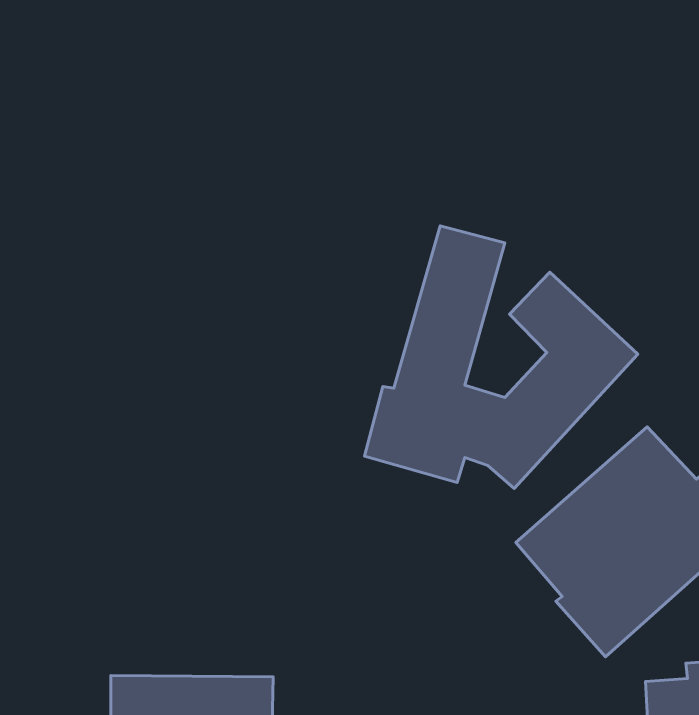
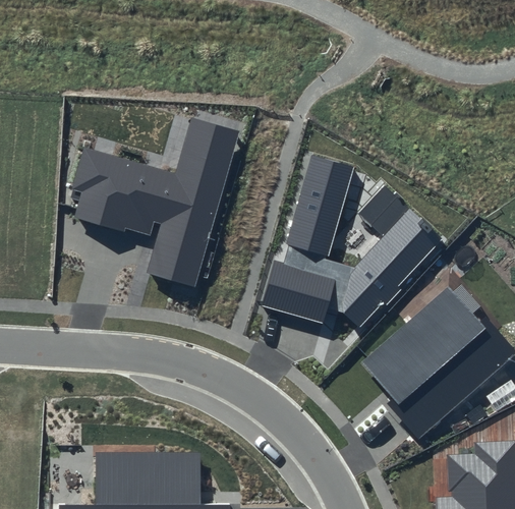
building: none -> [70,116,239,286]

